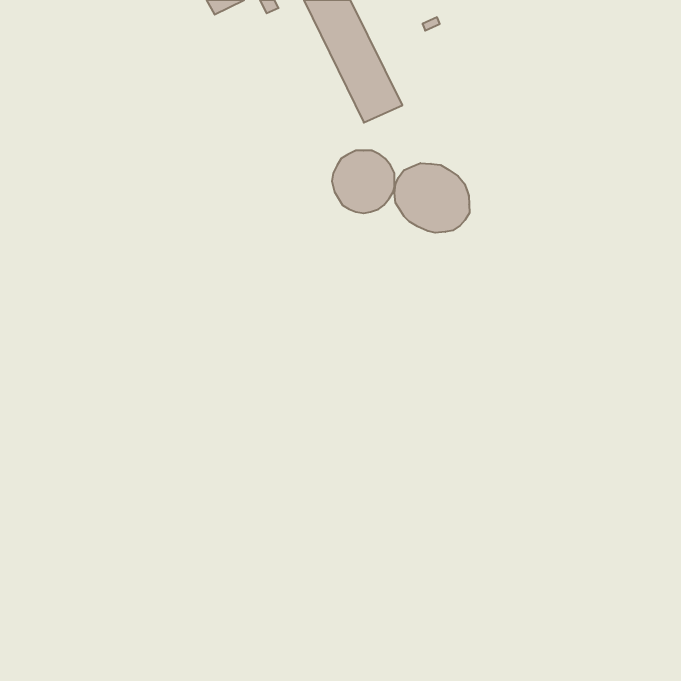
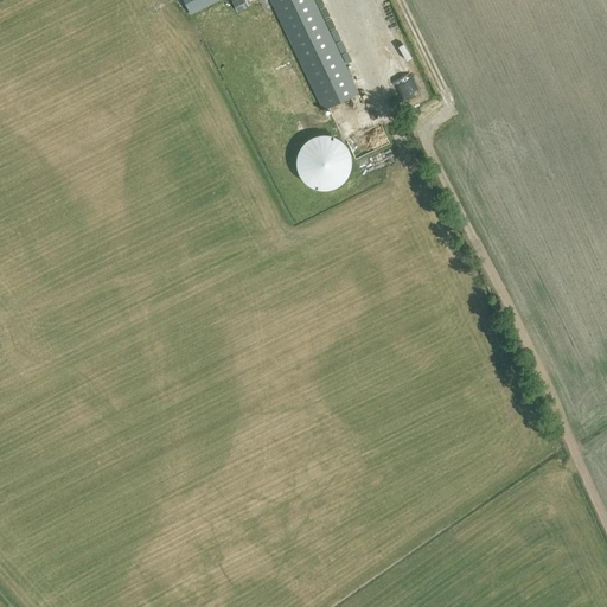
building: [394,163,469,233] -> none

